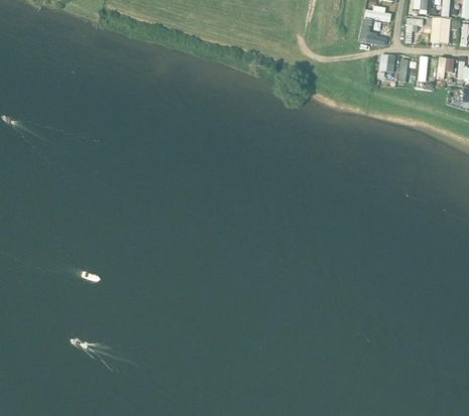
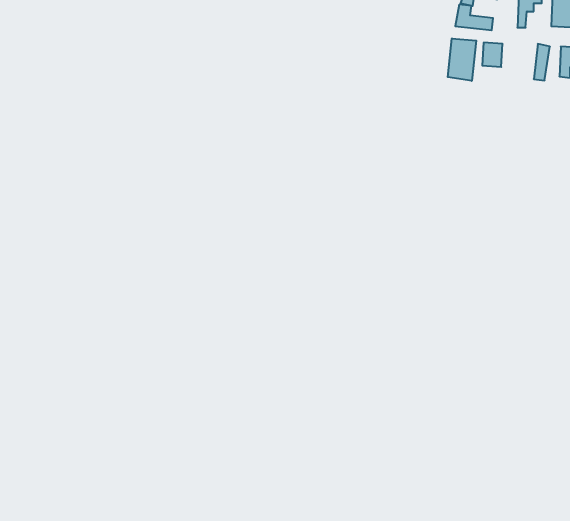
building: none -> [448,38,476,81]

